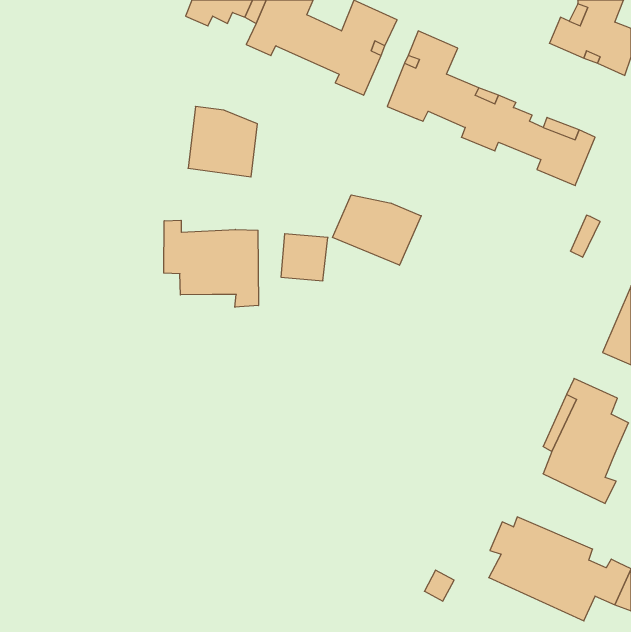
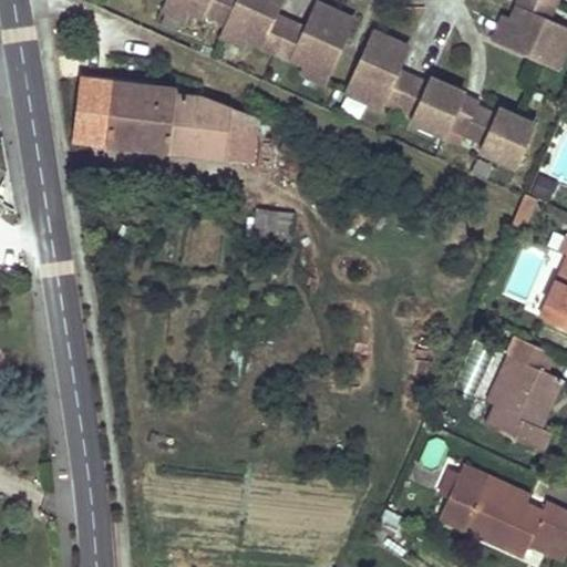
building: none -> [72,79,175,151]
building: none -> [225,111,256,162]
building: [332,195,421,265] -> none
building: [164,220,258,307] -> none

